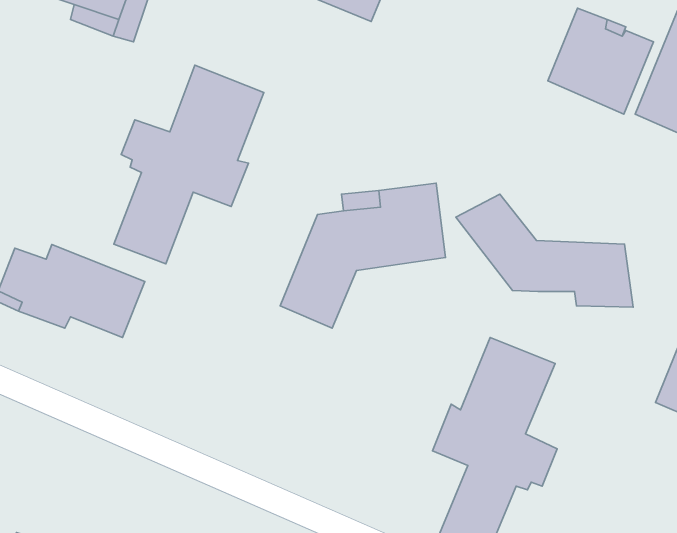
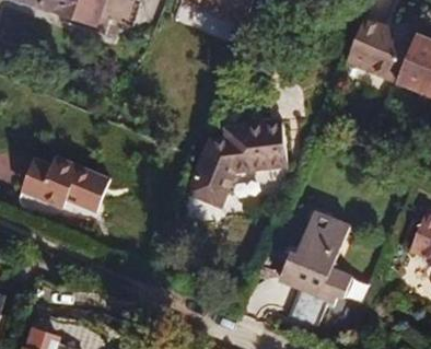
building: [114,65,264,264] -> none
building: [456,194,633,307] -> none

